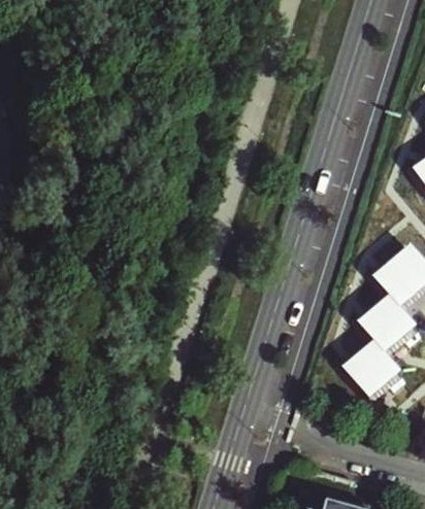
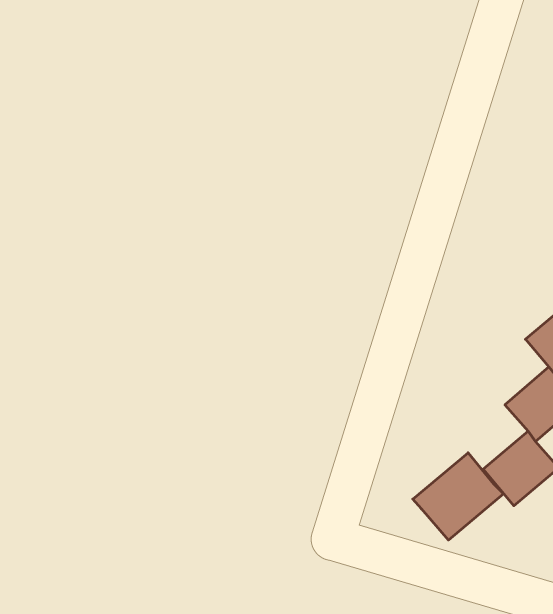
building: none -> [413,453,504,540]

